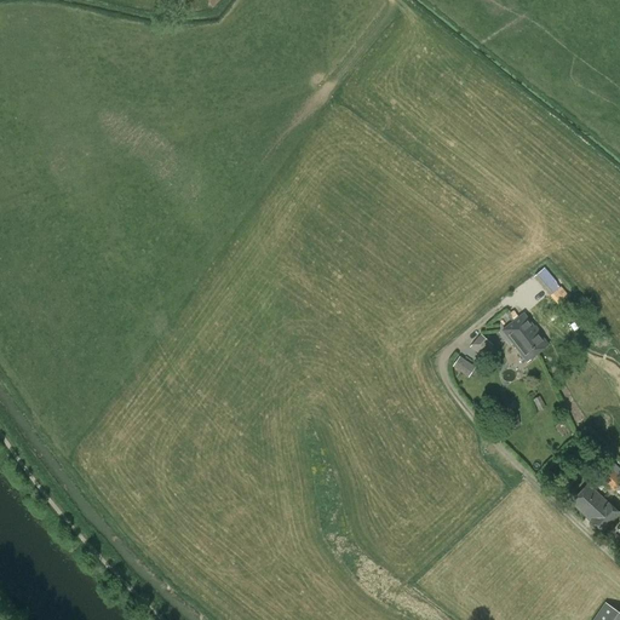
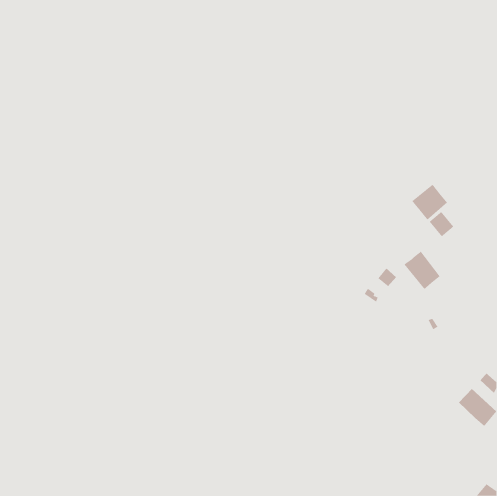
building: none -> [411,184,448,220]

